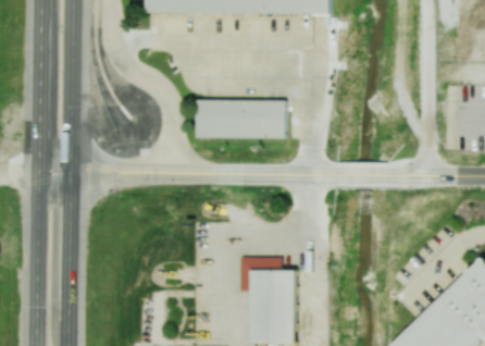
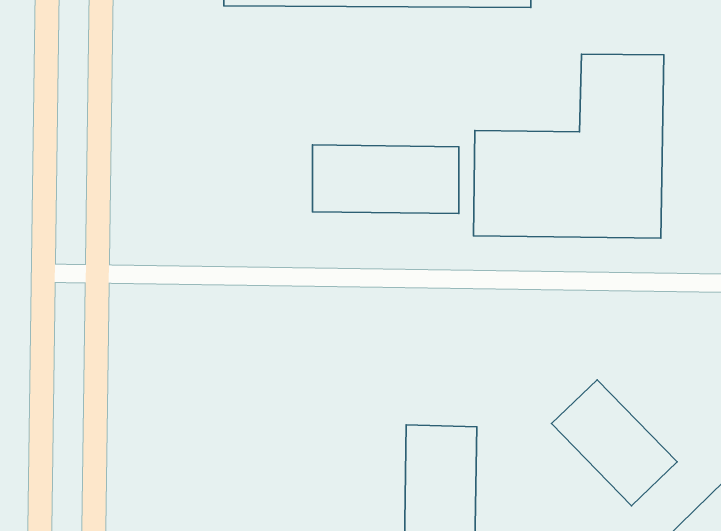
building: none -> [474,54,664,238]
building: none -> [551,380,677,506]

